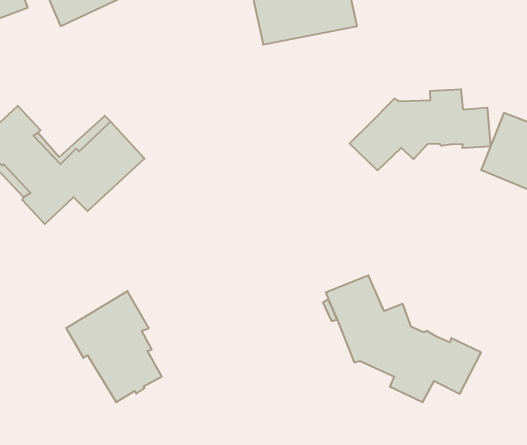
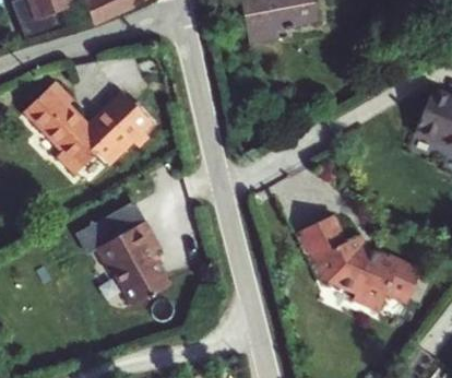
building: [350,89,491,170] -> none
building: none -> [75,205,146,259]

